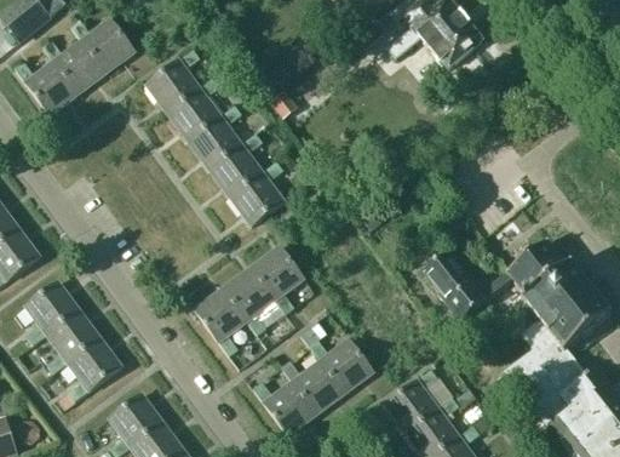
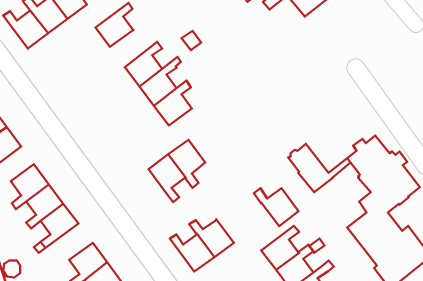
building: [167,76,230,142] -> none
building: [195,289,247,356] -> none
building: [309,339,373,394] -> [254,188,298,226]

